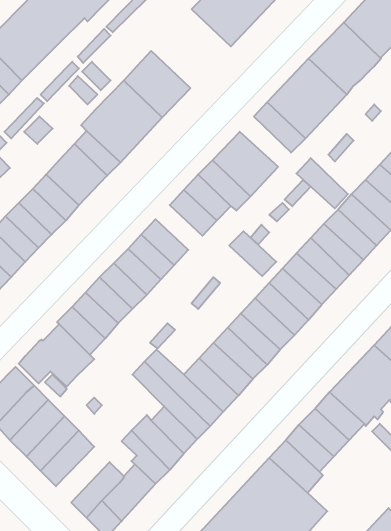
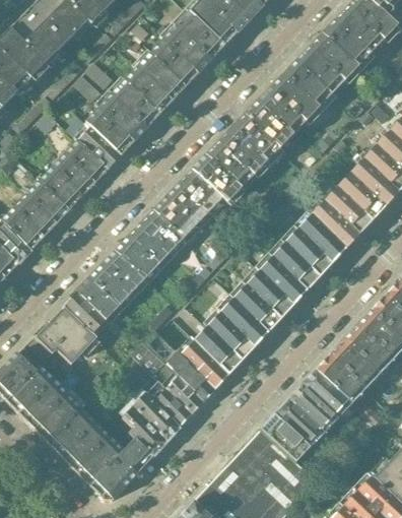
building: none -> [149,15,223,88]
building: [296,158,348,208] -> [231,115,279,161]
building: [229,231,276,276] -> [153,197,197,239]
building: none -> [61,422,111,473]

